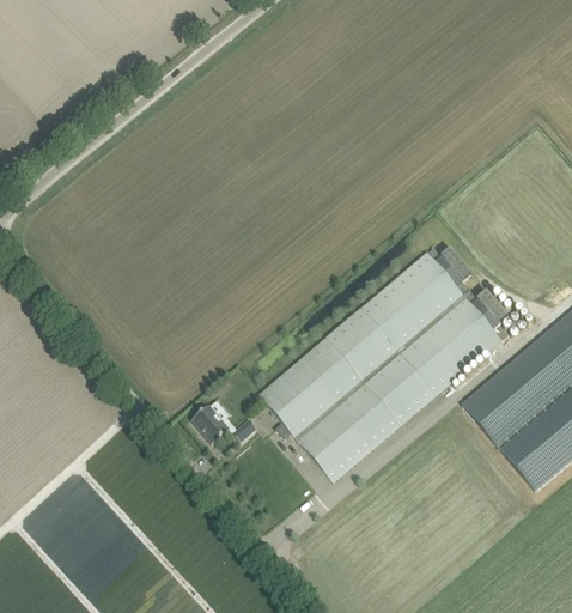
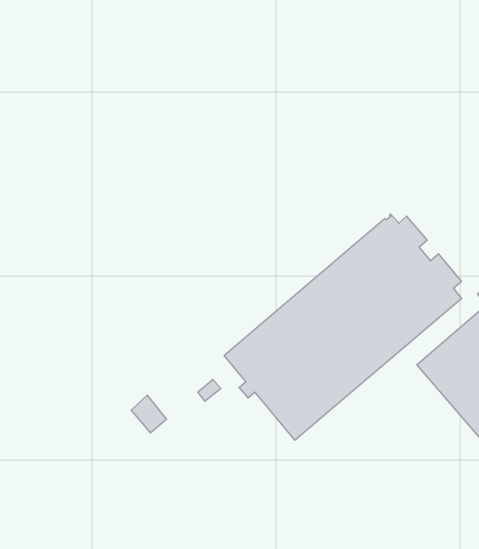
building: [191,405,229,444] -> [131,395,166,433]

